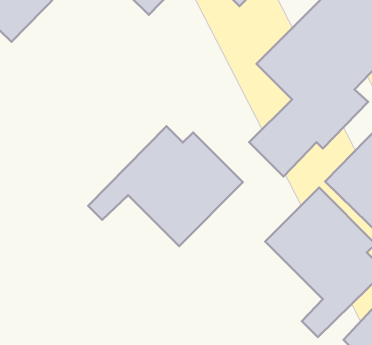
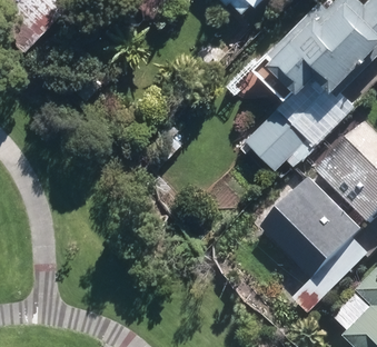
building: [88,126,243,246] -> none

